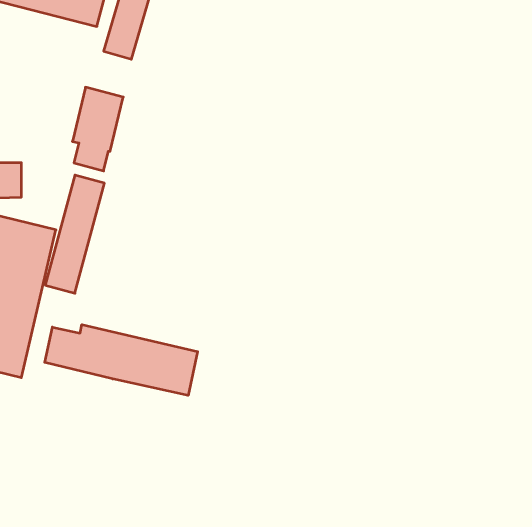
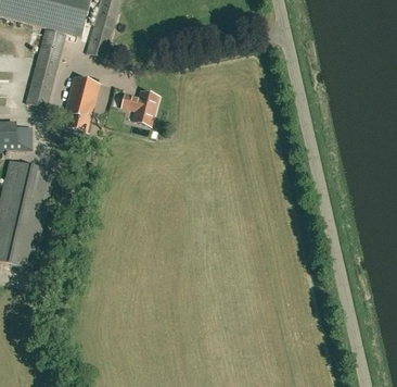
building: none -> [121,90,158,116]
building: [45,175,104,293] -> [26,28,65,107]
building: [45,325,198,395] -> none

